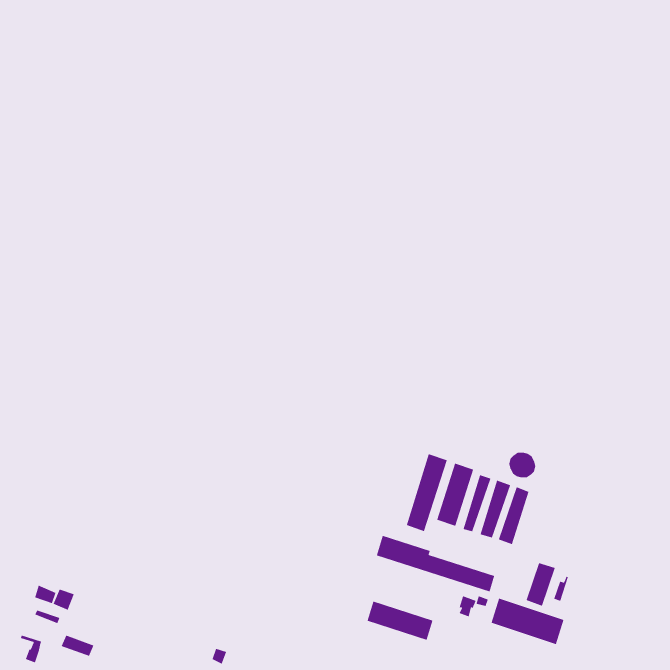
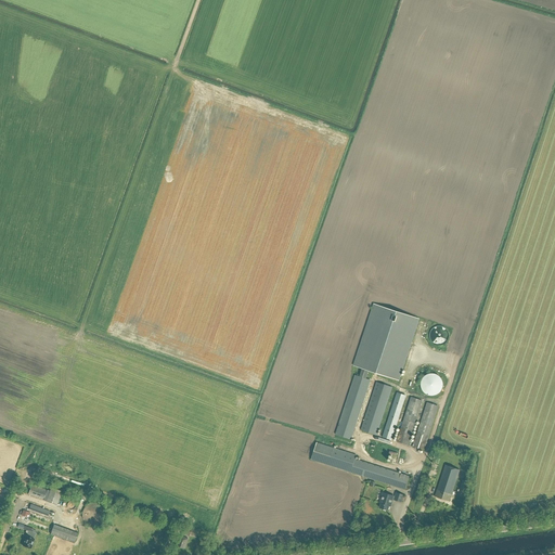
building: none -> [353,304,418,379]
building: [490,598,565,645] -> none
building: [366,600,434,641] -> none

